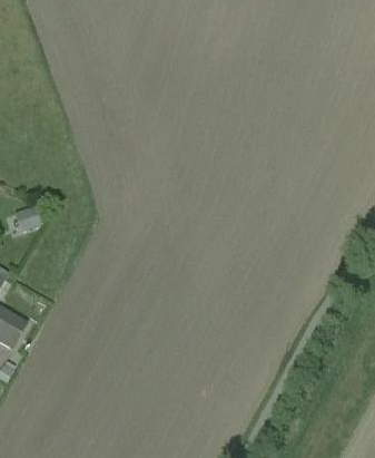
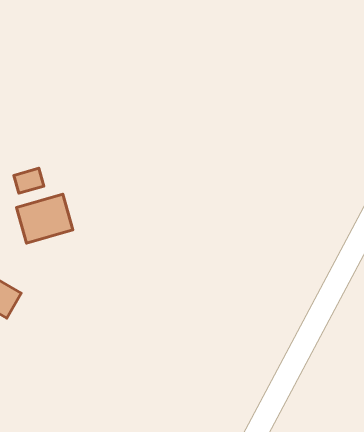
building: none -> [16,194,73,243]

